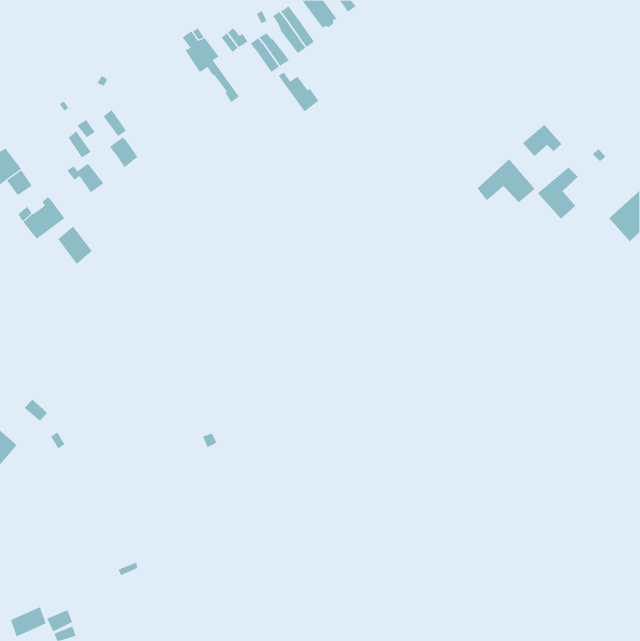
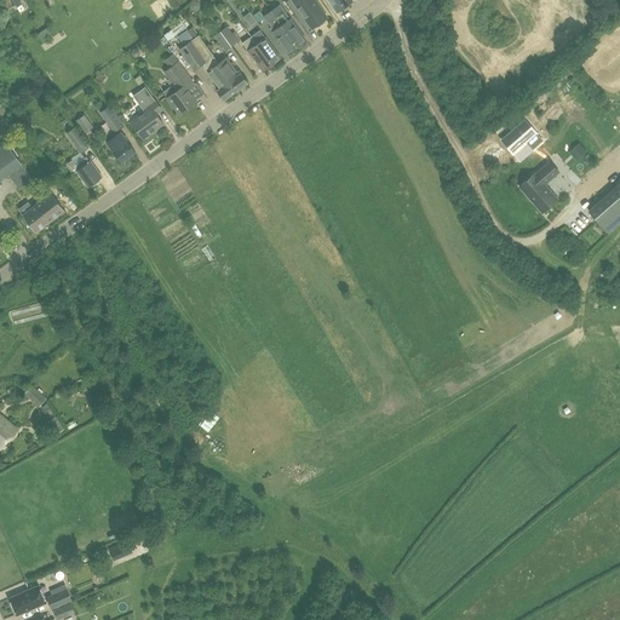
building: none -> [162,54,195,113]
building: [278,72,319,112] -> [206,54,246,93]
building: none -> [130,87,162,138]
building: [477,158,535,203] -> none
building: [58,225,93,265] -> none

